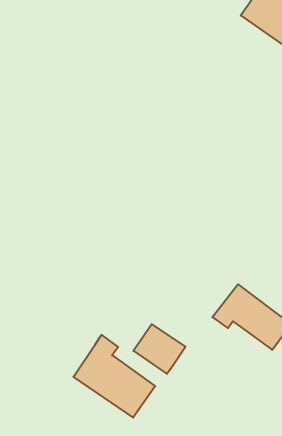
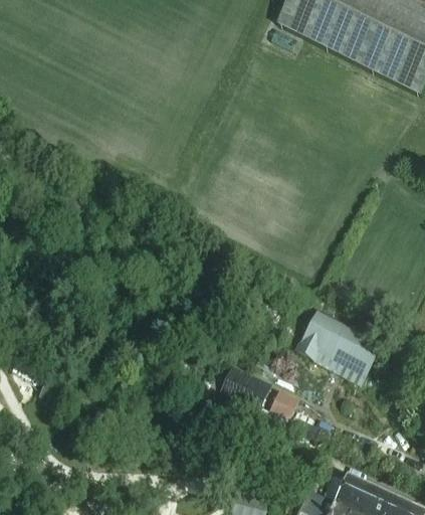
building: [73,335,155,418] -> none
building: none -> [269,388,299,417]

